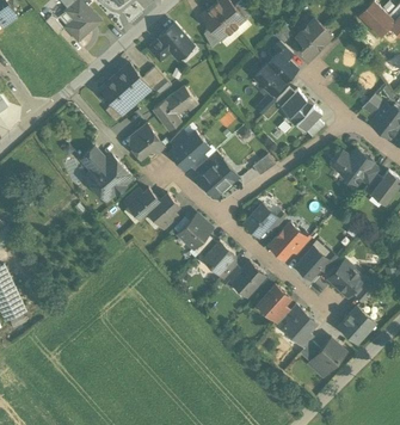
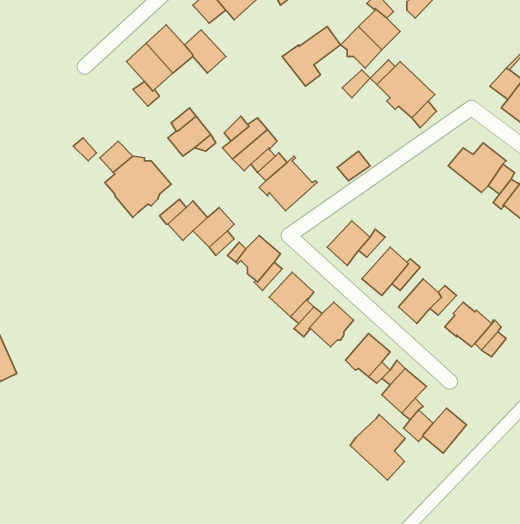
building: [152,87,193,130] -> [282,27,340,86]
building: [338,307,374,343] -> none
building: none -> [350,414,405,480]

